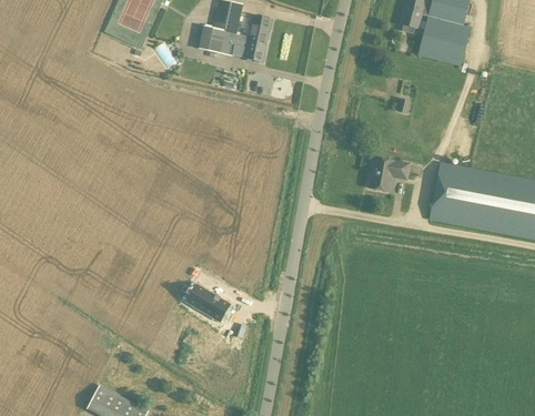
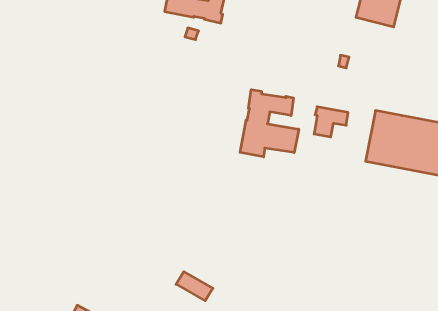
building: none -> [240,90,299,157]
building: [186,285,229,318] -> [176,272,213,301]

